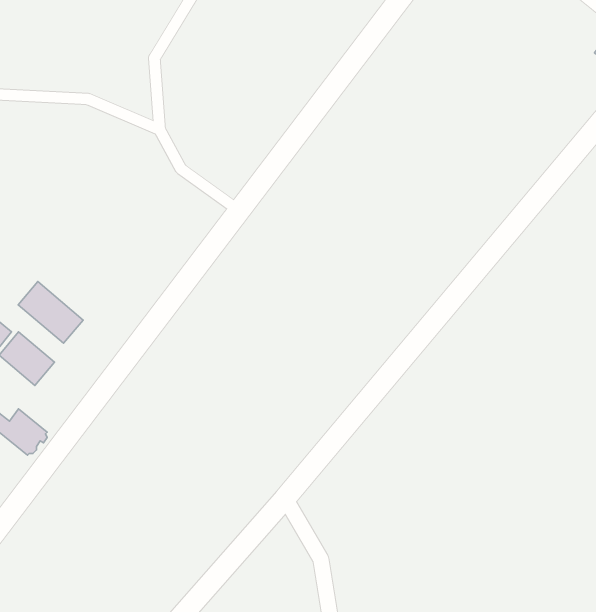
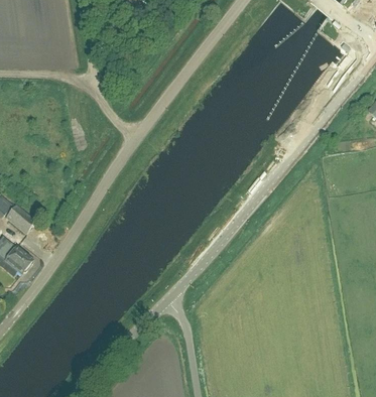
building: [18,282,83,343] -> none

